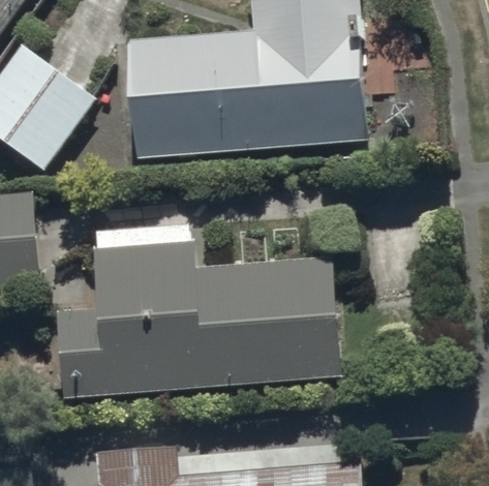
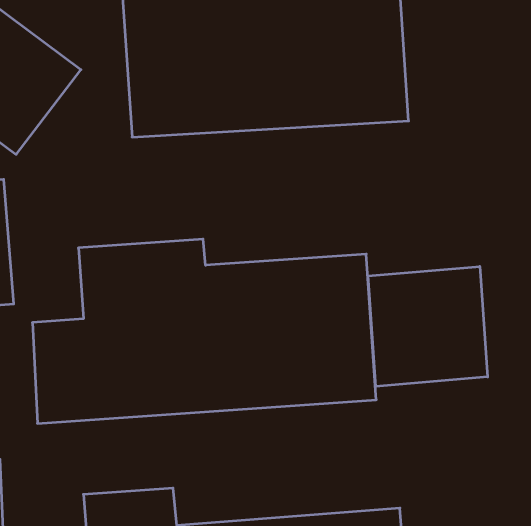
building: none -> [368,266,488,386]

